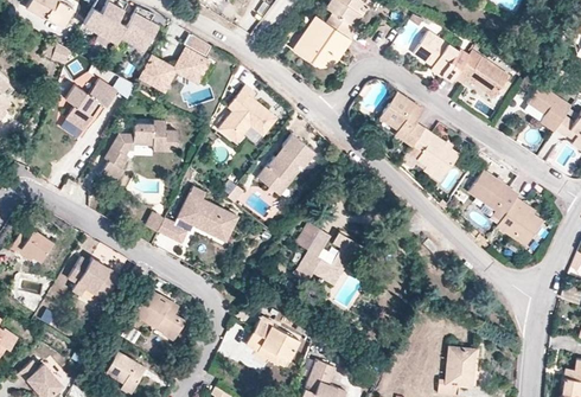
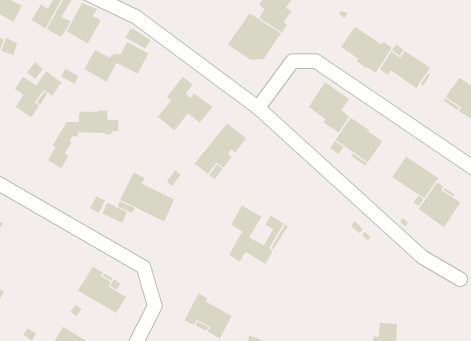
building: [69,256,121,300] -> none

